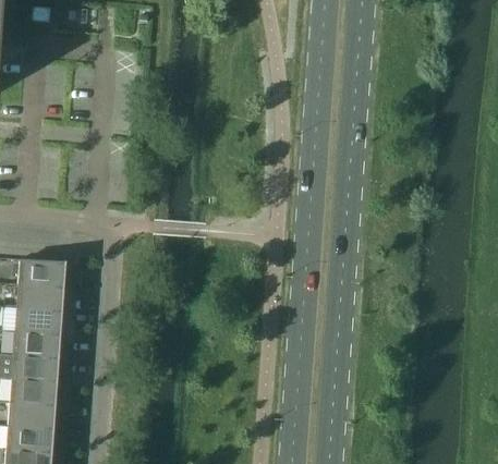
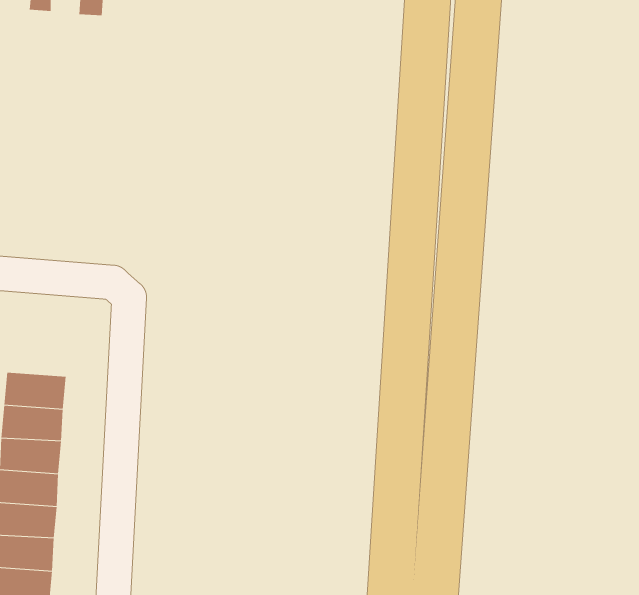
building: [20,259,65,286] -> none

